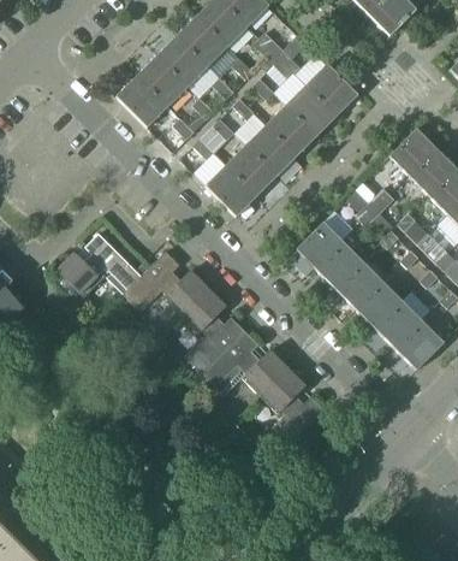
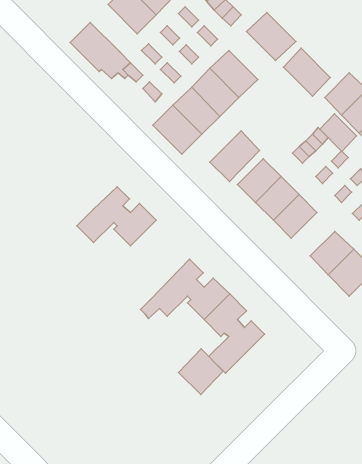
building: [138,54,189,105] -> none
building: [287,83,338,135] -> [283,48,330,96]
building: none -> [320,114,356,151]
building: none -> [210,131,260,182]
building: [58,231,142,297] -> none
building: [355,278,402,325] -> none
building: [182,287,245,372] -> none
building: none -> [179,349,223,394]

